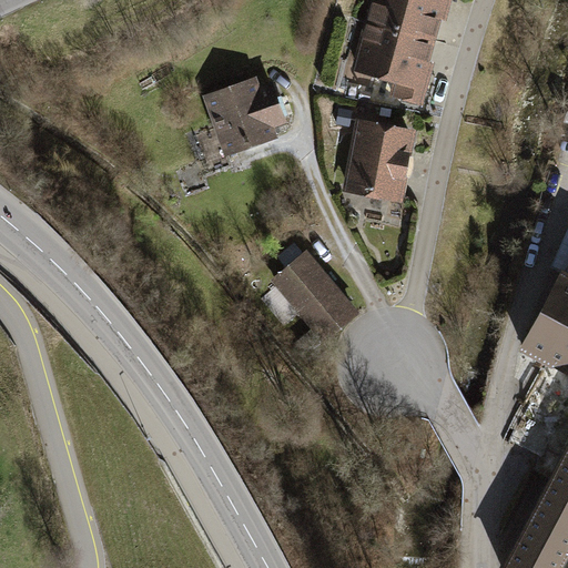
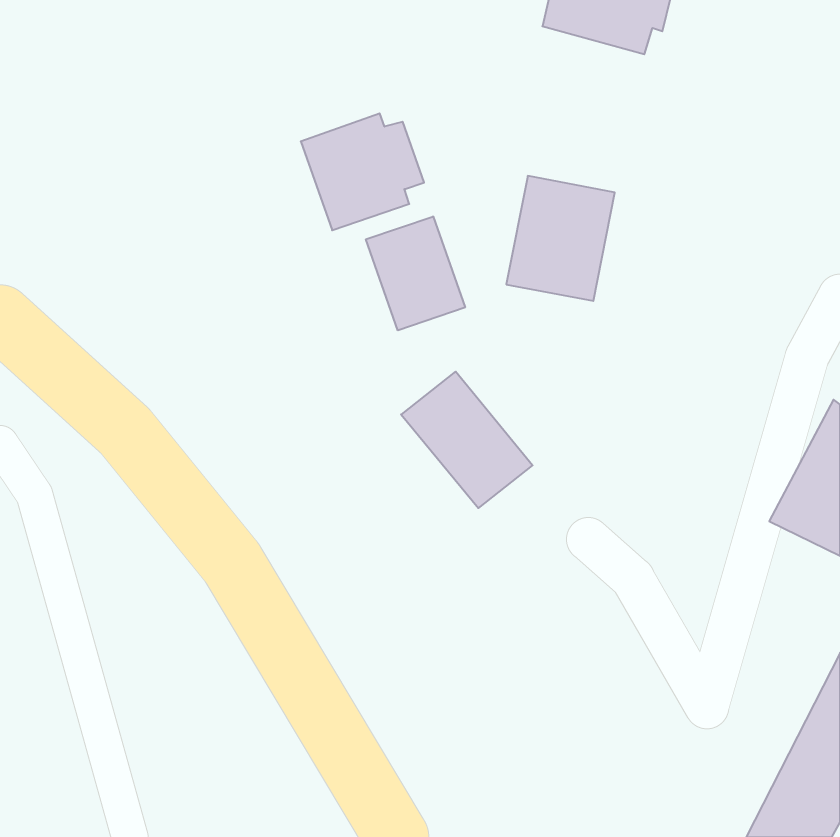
building: [352,18,442,105] -> none
building: none -> [366,216,465,330]

